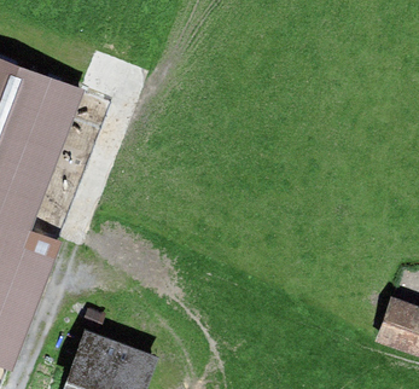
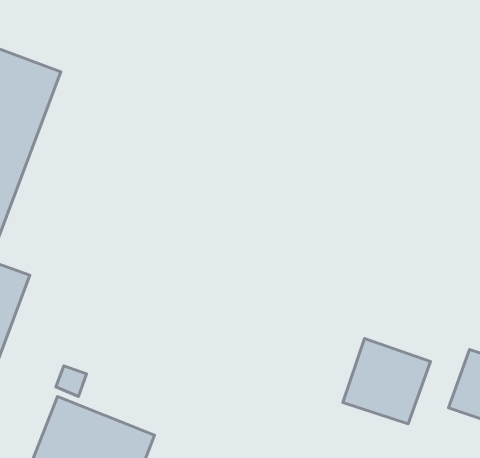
building: none -> [343,338,431,424]

